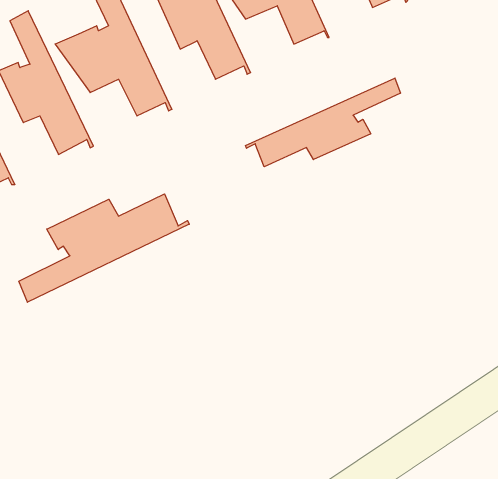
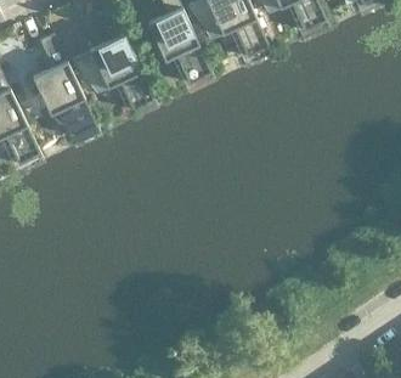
building: [245,78,400,167] -> none
building: [19,194,189,302] -> none

